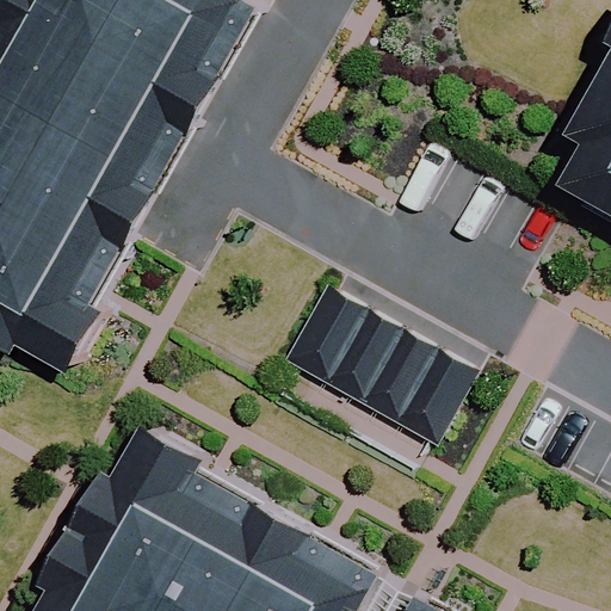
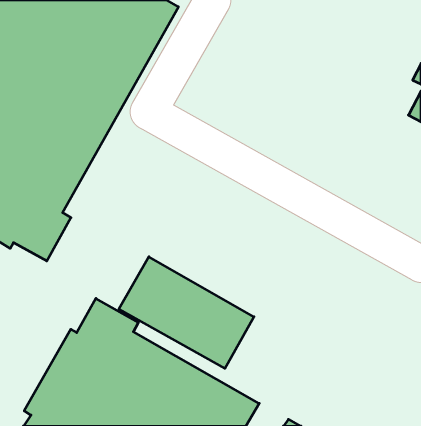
building: [282,285,475,445] -> [119,257,254,368]

